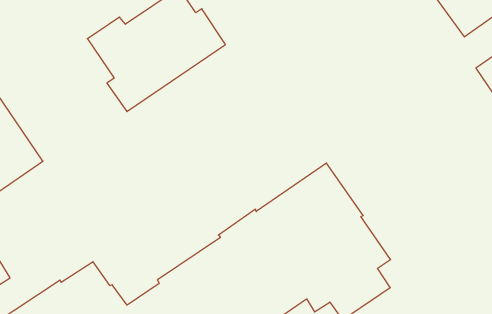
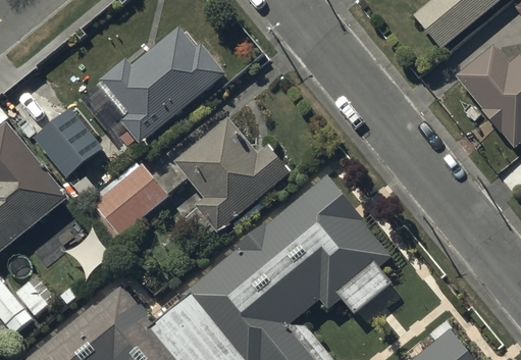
building: none -> [34,108,103,177]
building: none -> [173,118,291,241]
building: none -> [86,160,166,241]

